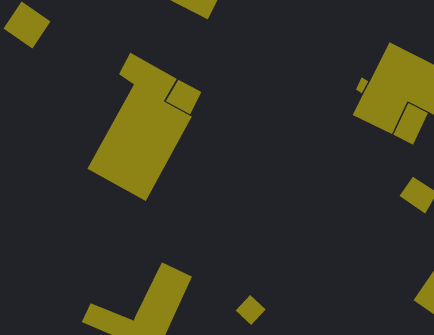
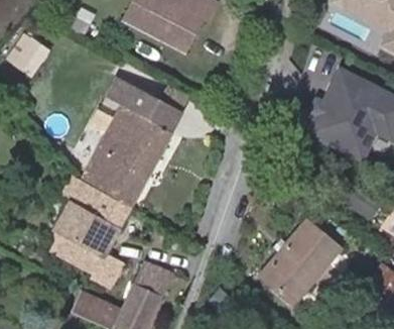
building: none -> [53,176,132,289]
building: none -> [262,221,340,303]

